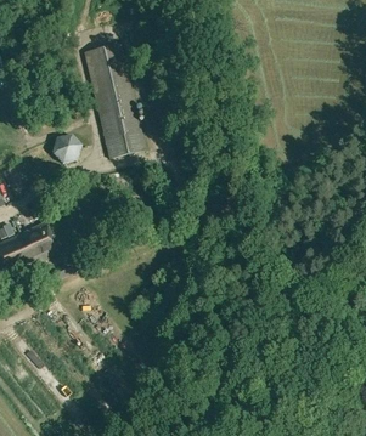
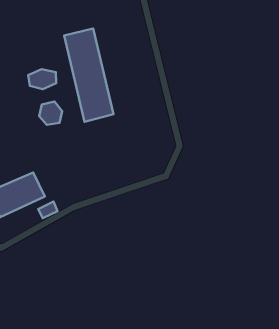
building: none -> [28,69,56,89]

